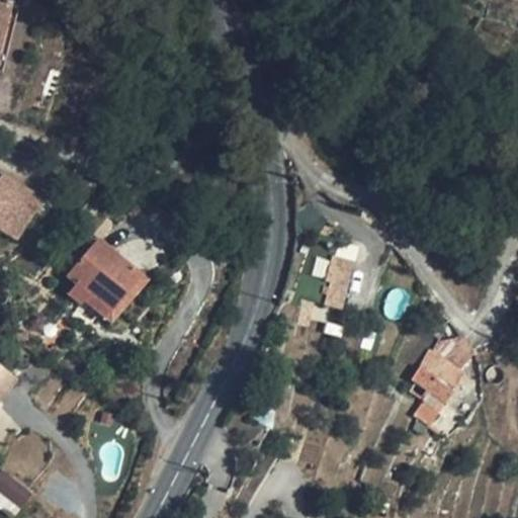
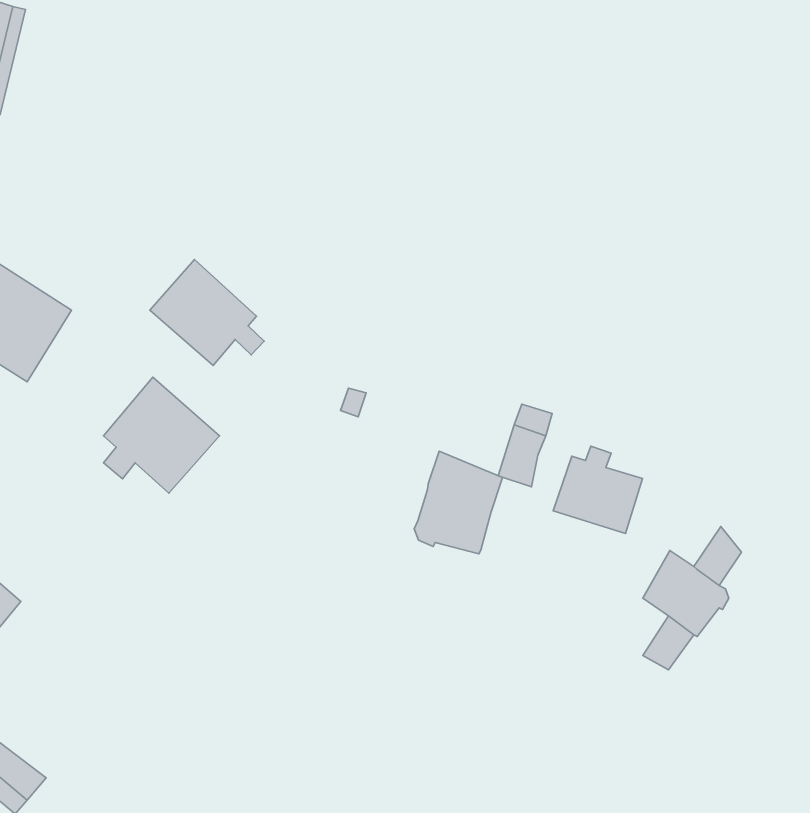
building: none -> [150,260,264,365]
building: none -> [553,446,643,533]
building: none -> [414,451,502,554]

